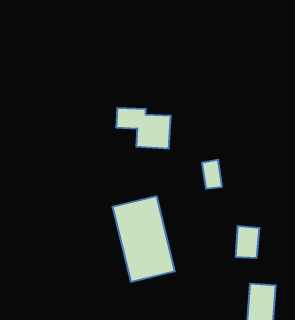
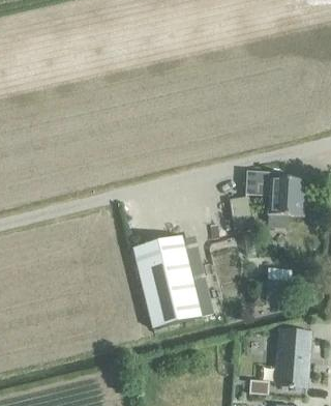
building: [116,108,171,149] -> [246,171,305,214]

